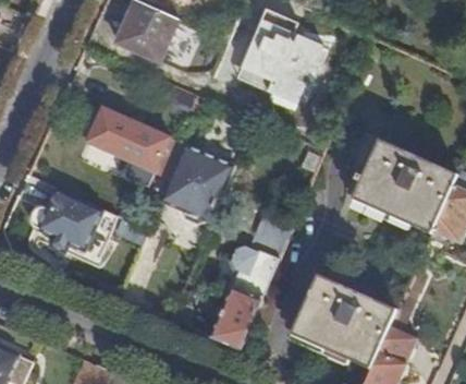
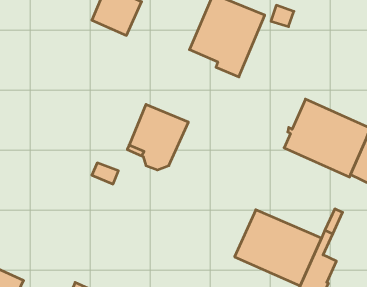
building: [86,106,168,172] -> none
building: [30,191,102,250] -> none
building: [210,212,291,349] -> none

